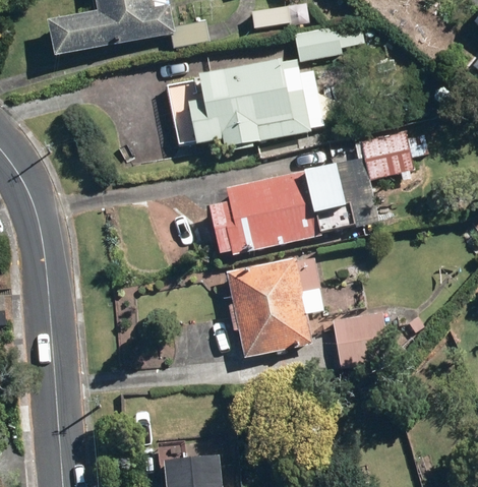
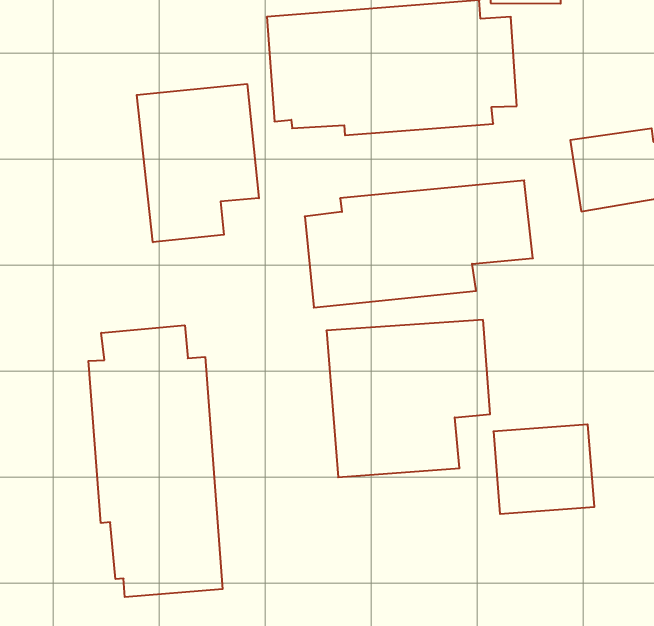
building: none -> [137,84,259,242]
building: none -> [88,325,223,597]

